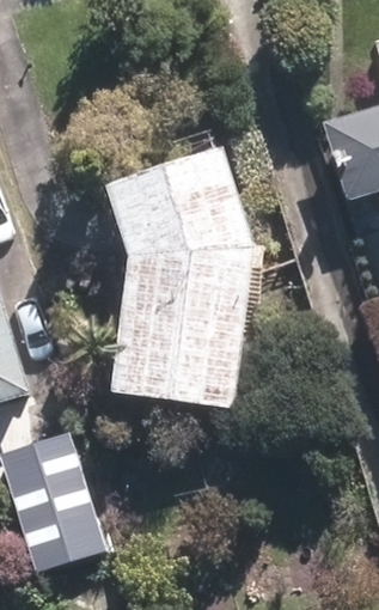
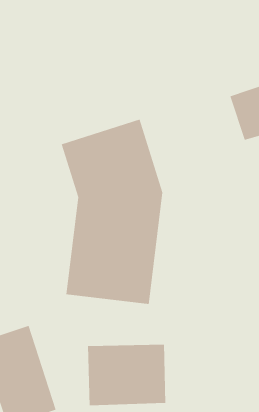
building: none -> [87,344,166,406]

